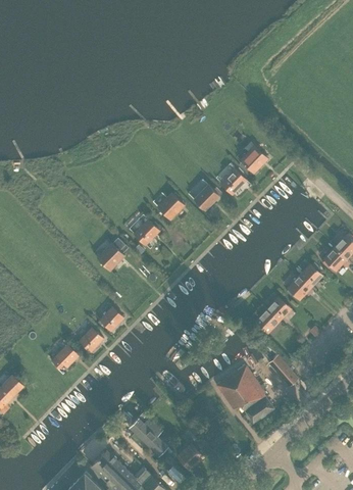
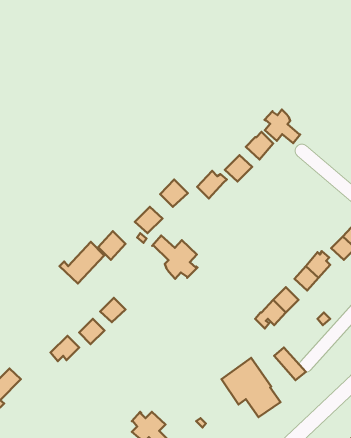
building: none -> [264,110,300,143]
building: none -> [152,236,197,279]
building: none -> [60,242,104,283]

